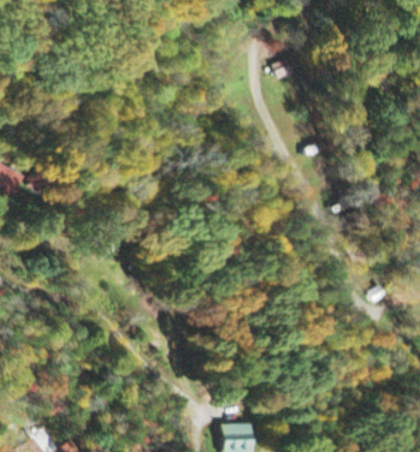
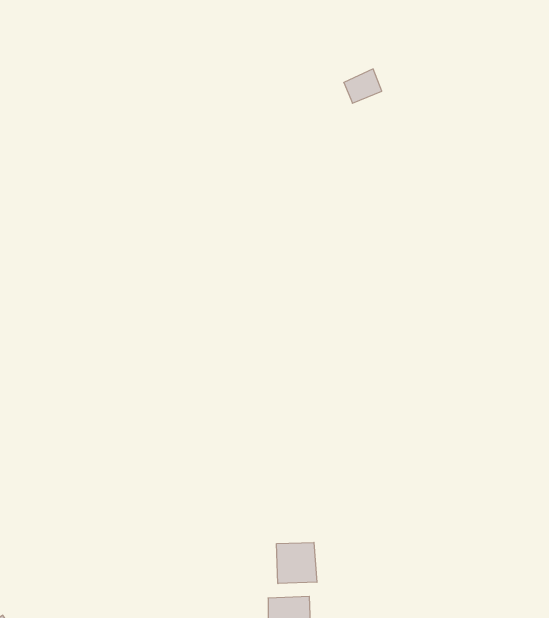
building: none -> [277,542,317,584]

